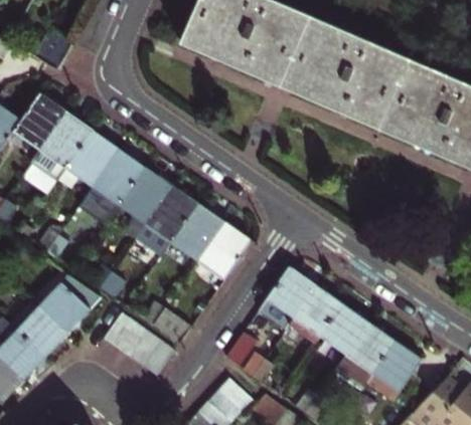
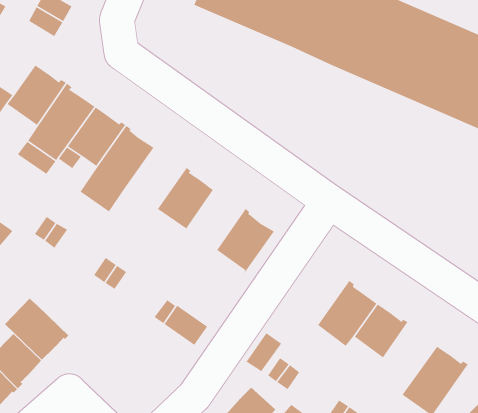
building: [119,168,172,237] -> none
building: [172,205,224,258] -> none
building: [258,266,316,329] -> none
building: [41,277,101,334] -> none
building: [103,311,174,376] -> none
building: [336,322,394,387] -> none

